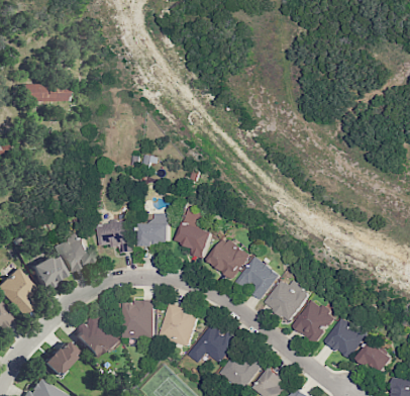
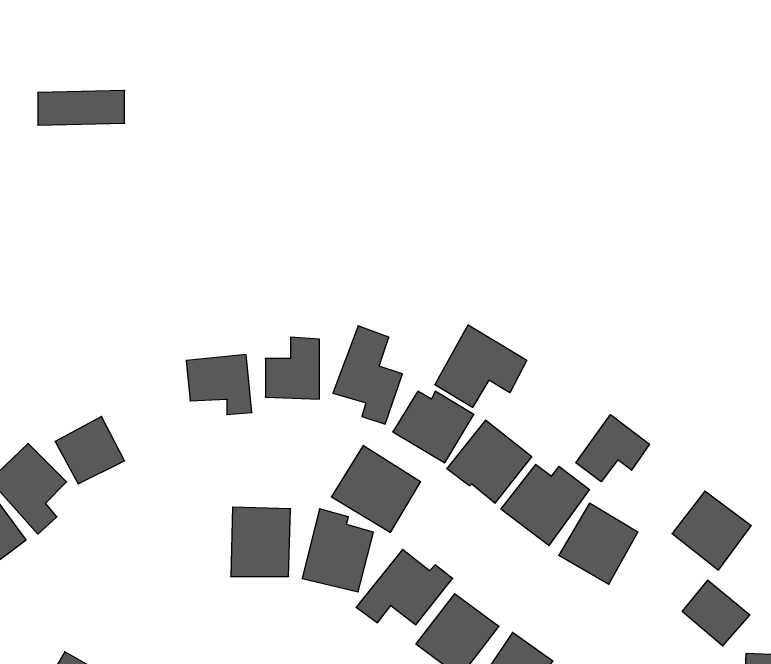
building: none -> [435,325,527,407]
building: [57,233,90,271] -> none
building: none -> [576,415,649,482]
building: none -> [331,445,420,532]
building: [73,314,118,360] -> none
building: [324,317,366,359] -> [672,491,751,570]
building: [41,339,77,376] -> none

